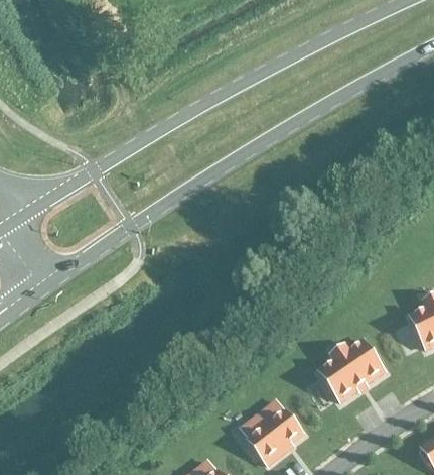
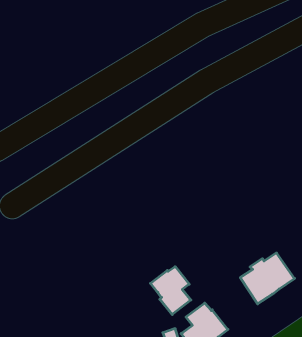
building: none -> [150,267,191,315]

